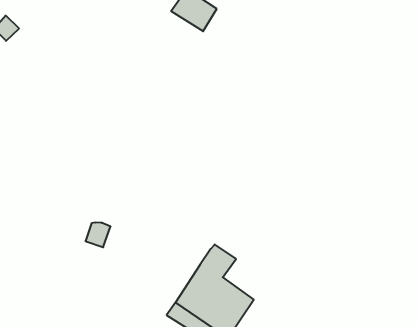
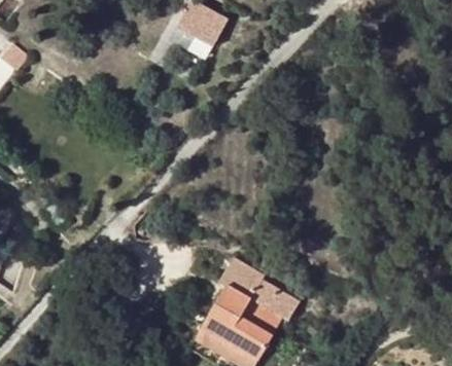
building: none -> [249,276,300,318]

